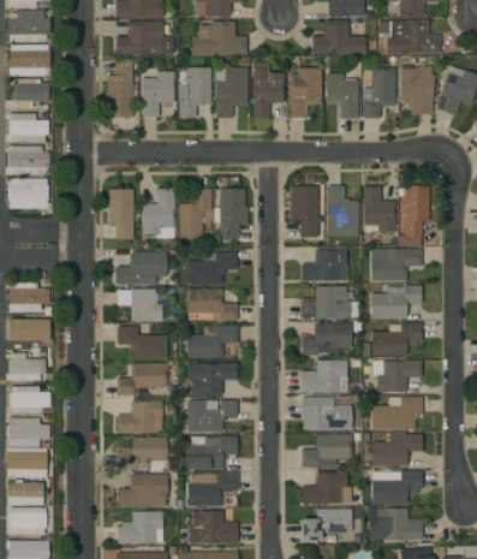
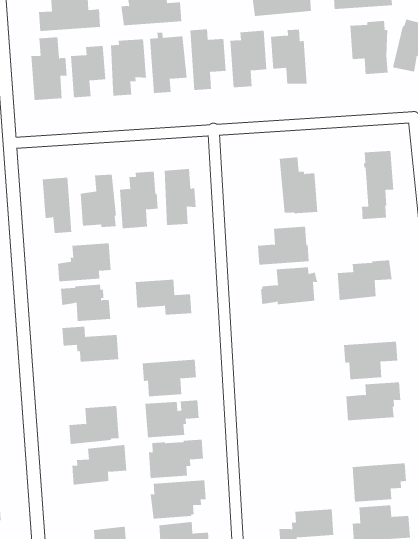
building: [363,67,394,118] -> none
building: [363,185,395,232] -> none
building: [290,186,317,237] -> none
building: [371,249,421,281] -> none
building: [186,251,237,284] -> none
building: [371,322,421,356] -> none
building: [302,323,351,355] -> none
building: [186,326,238,358] -> none
building: [300,359,347,392] -> none
building: [117,361,173,396] -> none
building: [302,397,351,429] -> none
building: [302,434,352,466] -> none
building: [371,434,422,466] -> none
building: [302,471,351,504] -> none
building: [117,474,167,506] -> none

